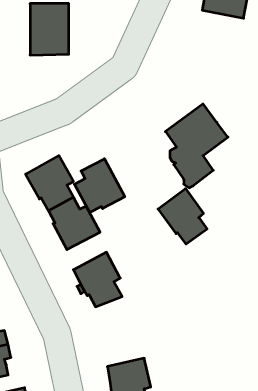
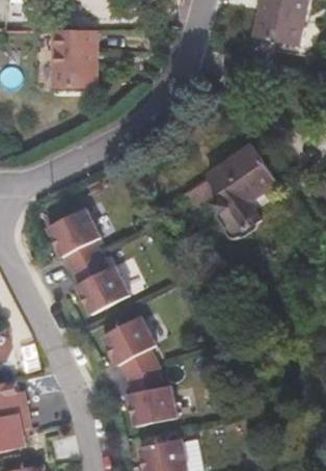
building: [74,159,125,213] -> none
building: [158,189,207,244] -> none
building: none -> [125,360,174,419]

